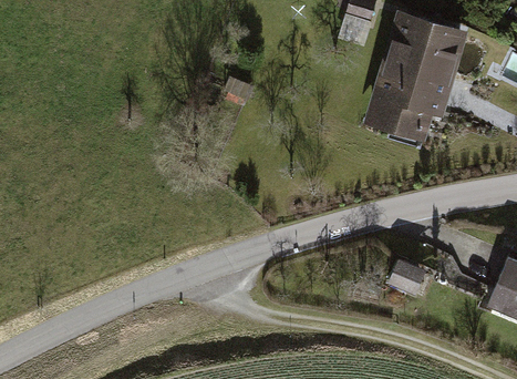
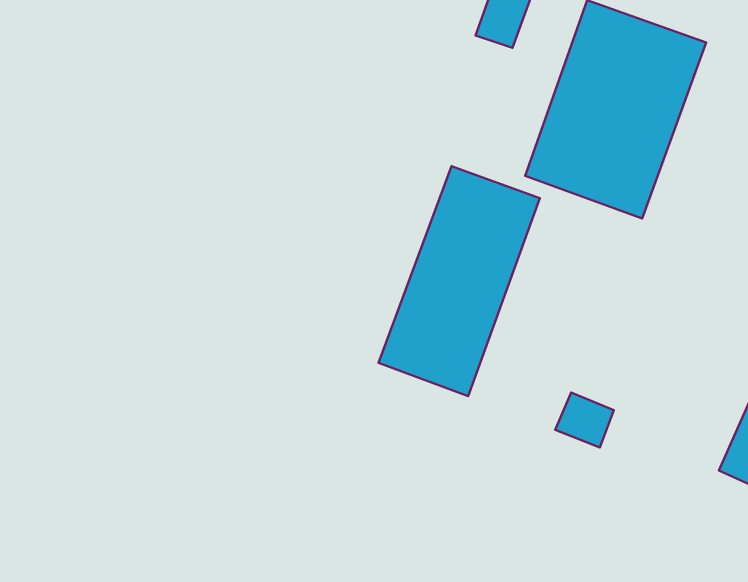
building: none -> [378,166,540,396]

